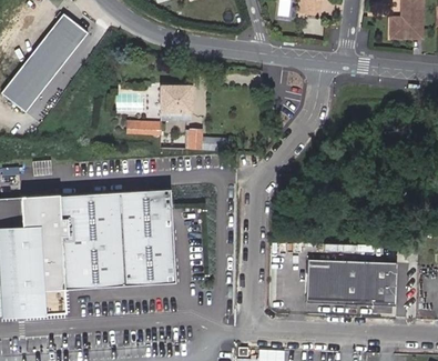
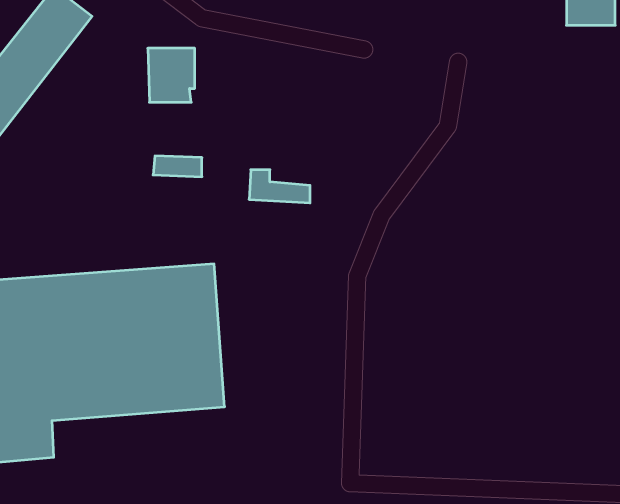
building: [161,86,191,120] -> [148,48,195,102]
building: [305,259,396,305] -> none

